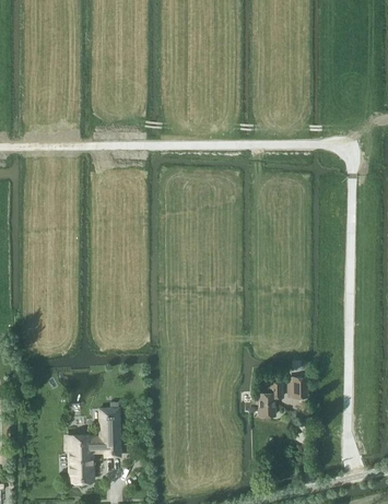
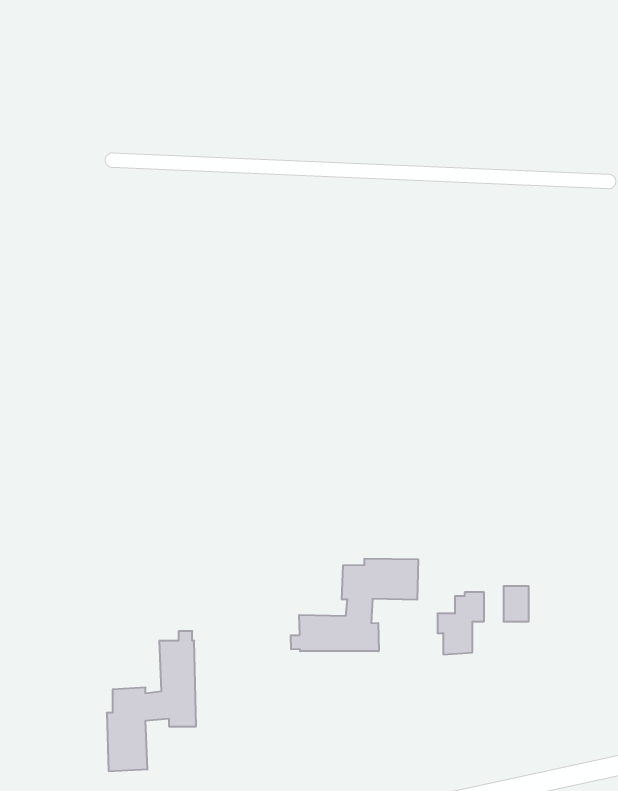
building: none -> [291,559,418,651]

